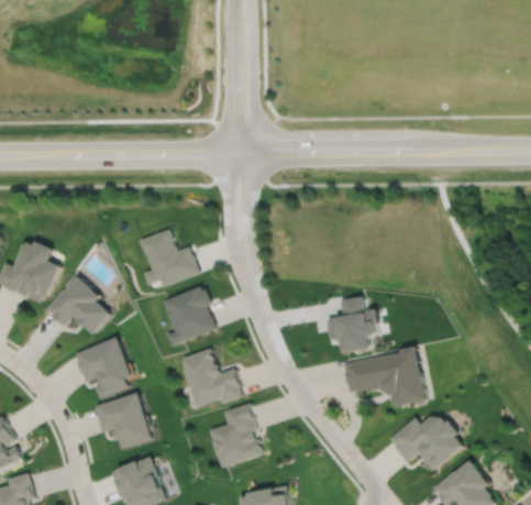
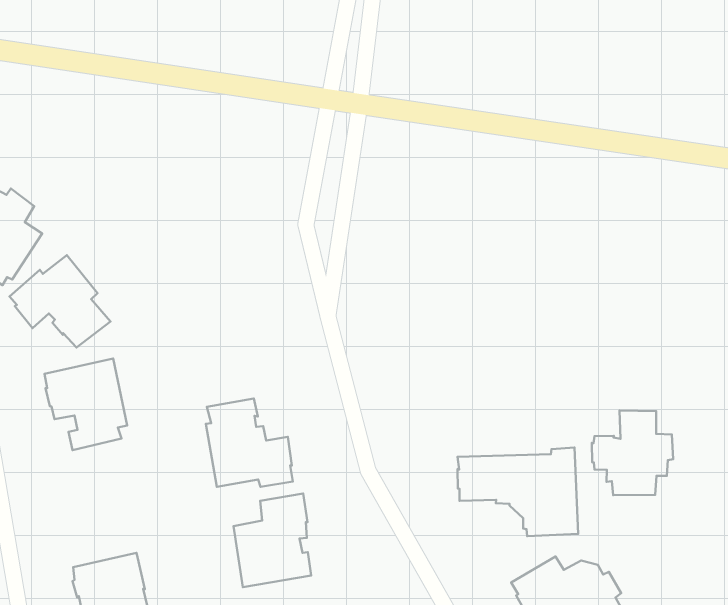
building: [137,228,200,286] -> none
building: [162,285,217,345] -> none
building: [327,296,379,353] -> [592,411,673,495]
building: [96,393,152,449] -> none

